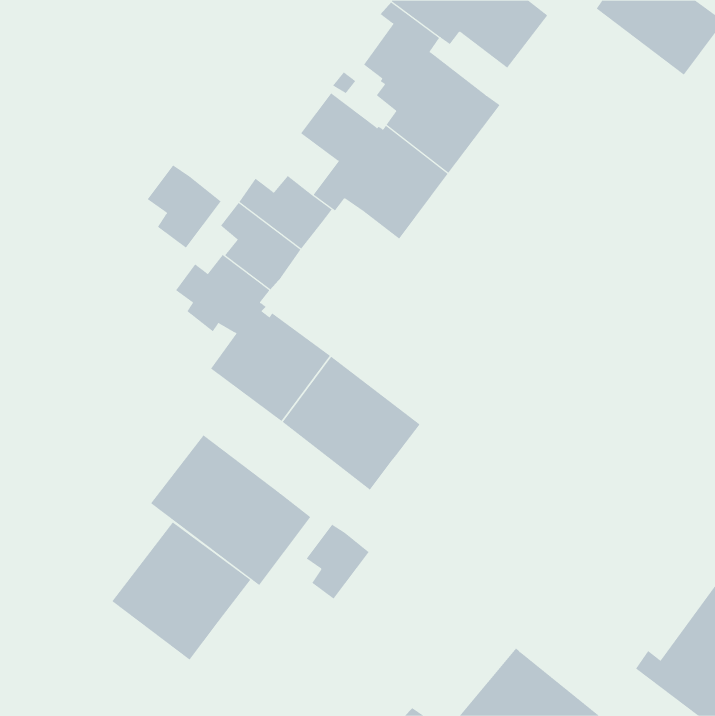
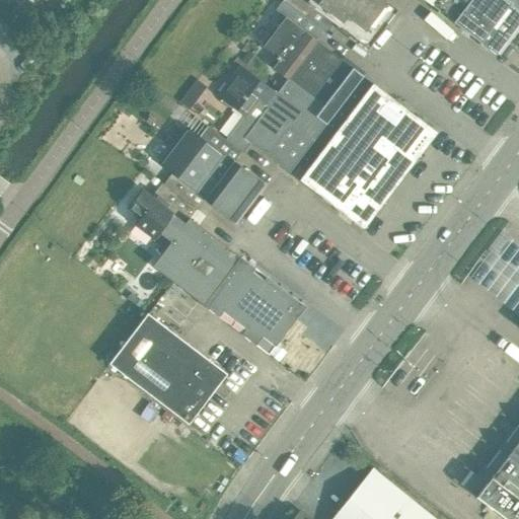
building: none -> [290,76,437,229]
building: [147,165,222,249] -> none
building: none -> [205,161,265,224]
building: [111,522,251,661] -> none
building: [306,524,370,599] -> none

